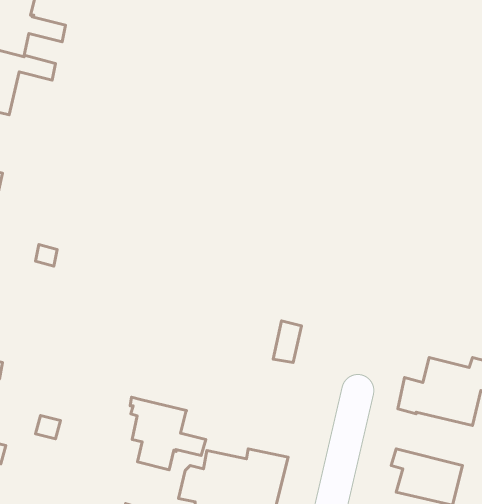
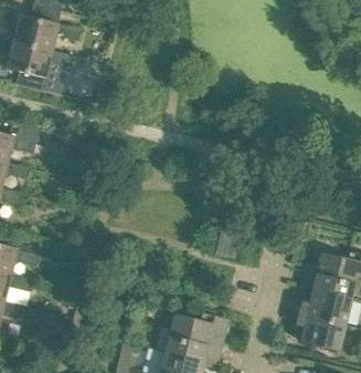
building: [130,397,206,470] -> none
building: none -> [300,289,351,324]

